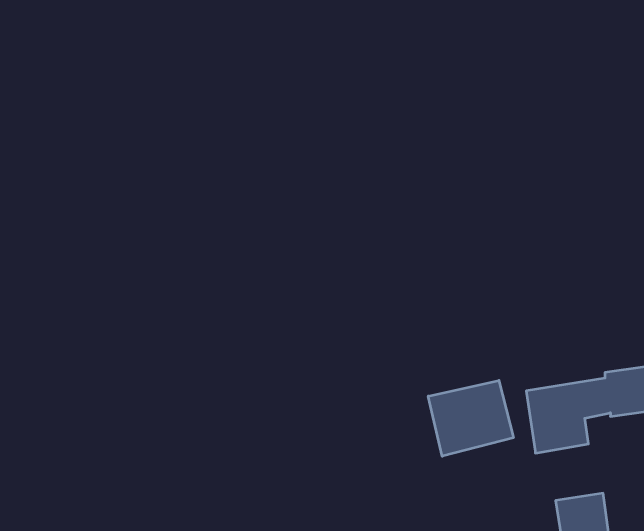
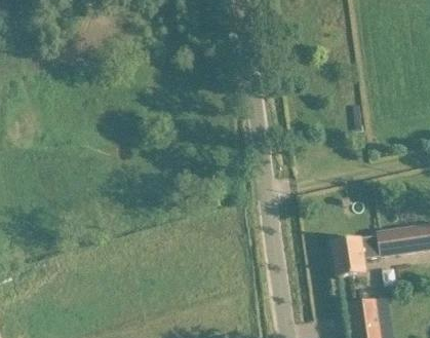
building: [428,380,513,456] -> none

